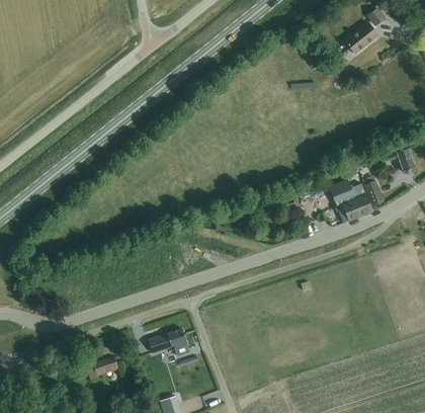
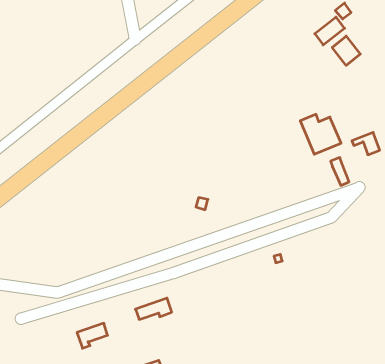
building: none -> [332,36,360,65]
building: [328,178,372,222] -> [300,114,341,154]

